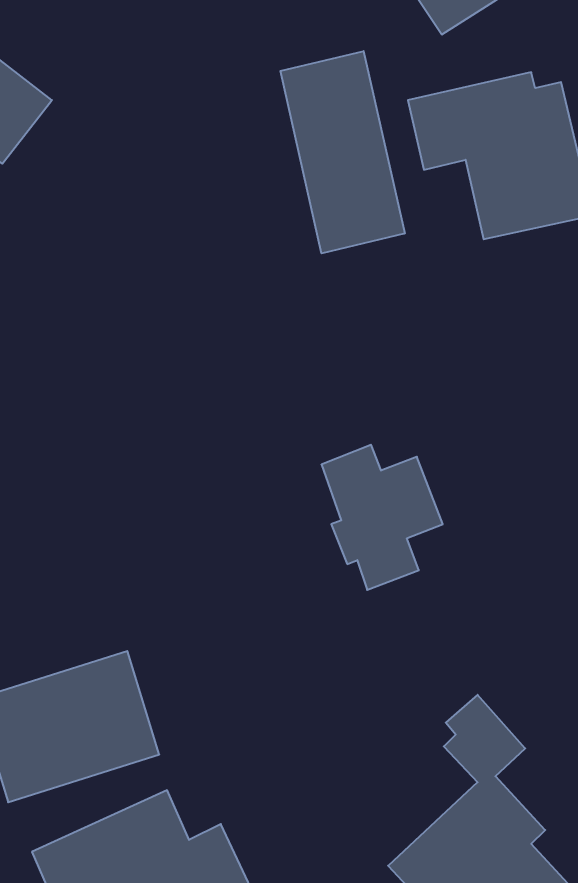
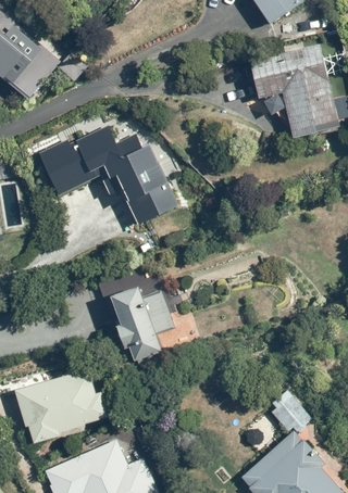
building: [280,51,405,253] -> none
building: none -> [39,127,179,227]
building: [321,445,443,590] -> [109,282,175,362]

